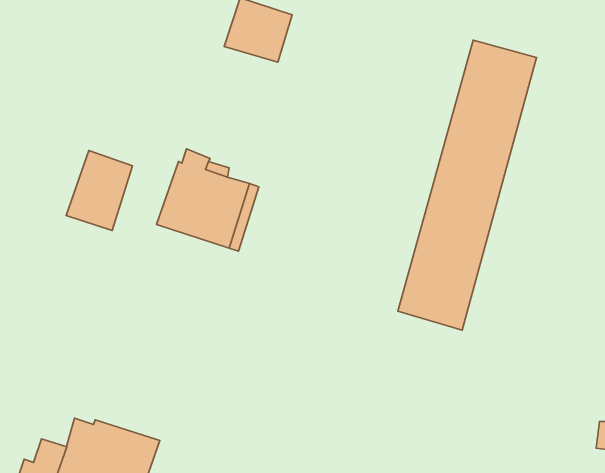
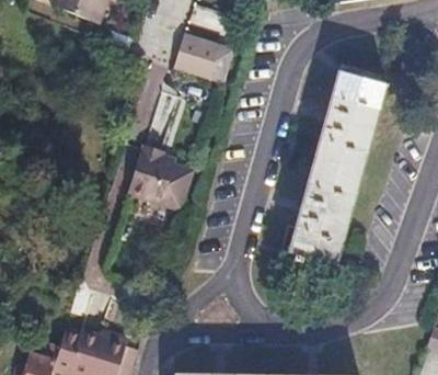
building: [66,150,133,230] -> none

